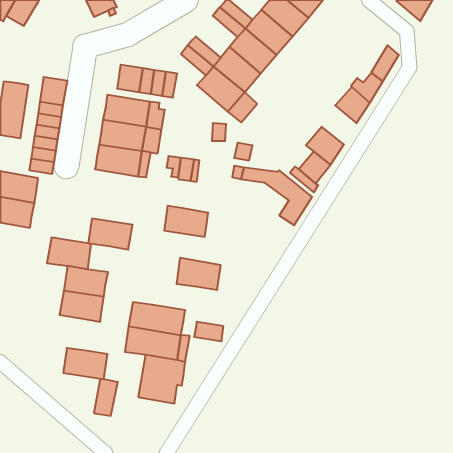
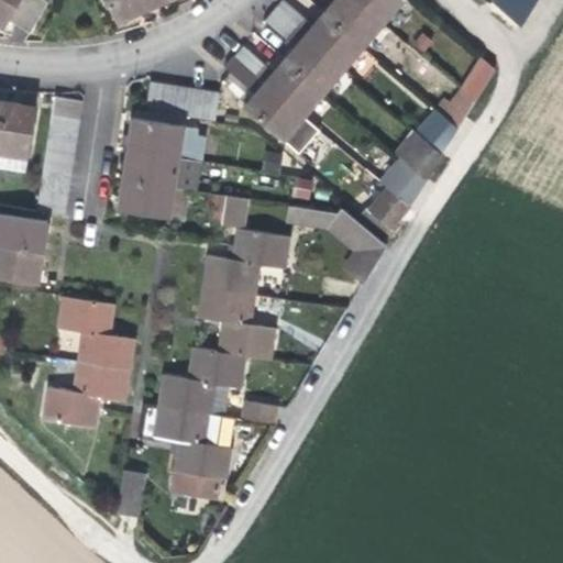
building: none -> [395,130,442,179]
building: none -> [233,229,288,267]
building: [88,219,133,250] -> [199,286,254,324]
building: none -> [189,347,244,387]
building: [63,348,108,379] -> [44,387,99,426]

